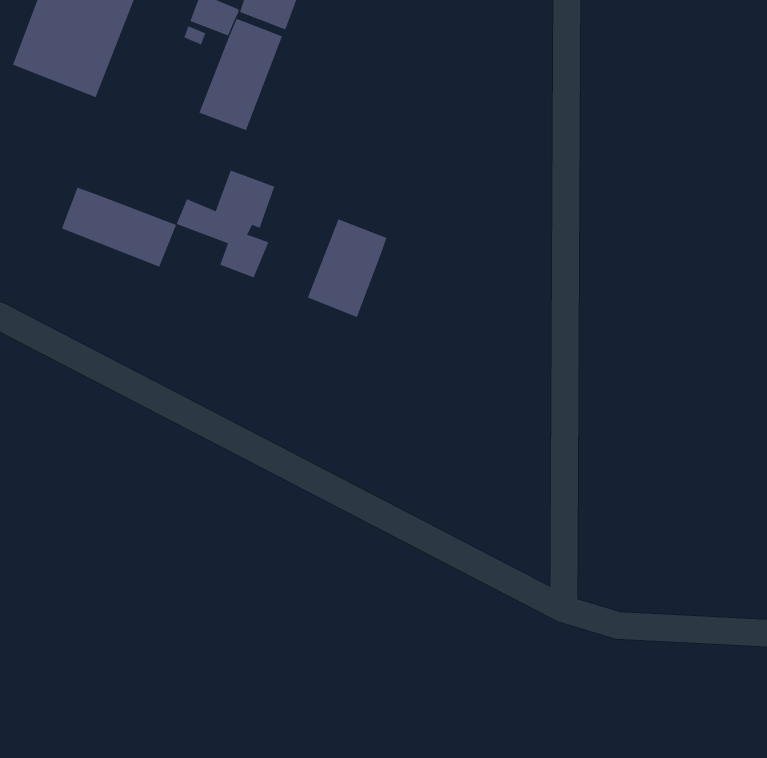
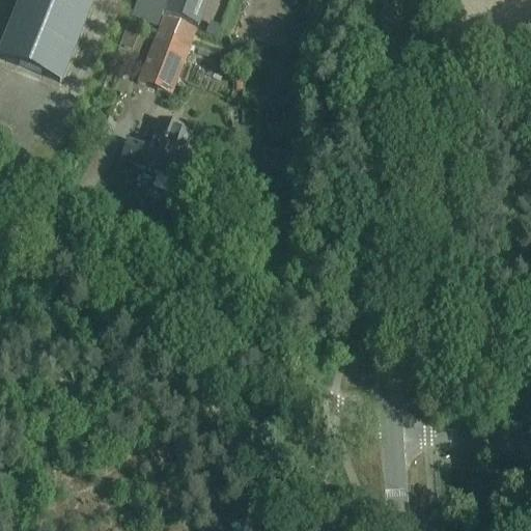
building: [61,187,177,267] -> none
building: [307,219,387,318] -> none

